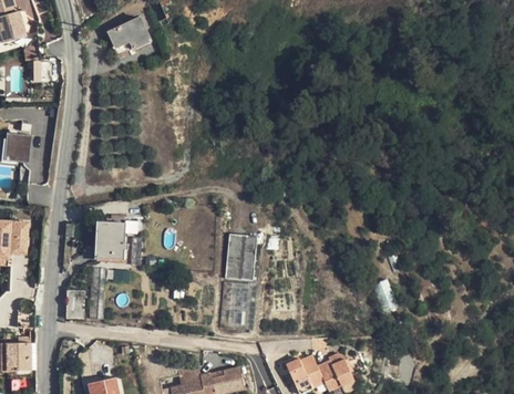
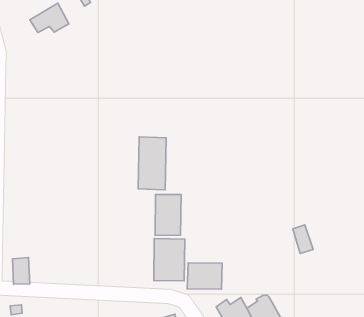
building: none -> [138,137,166,190]
building: [95,221,124,259] -> none
building: none -> [187,263,222,289]

